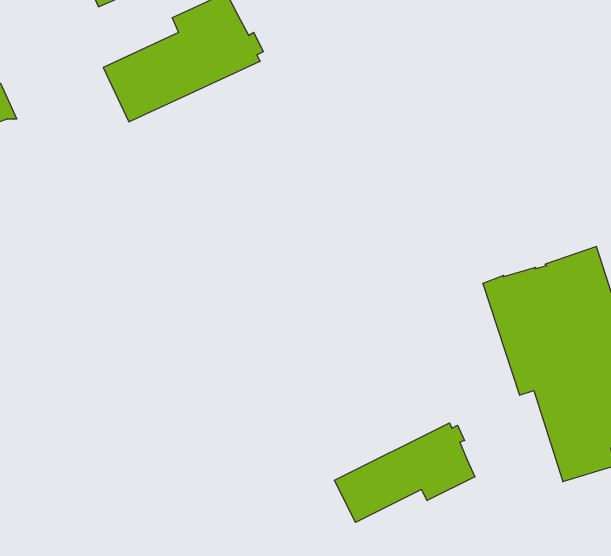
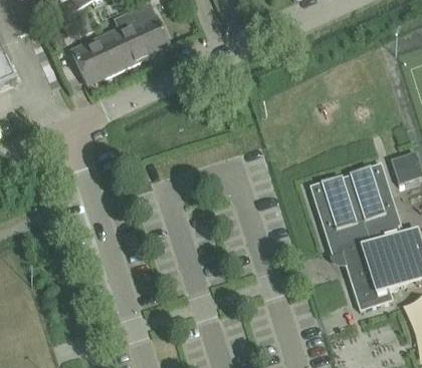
building: [335,423,475,522] -> none

